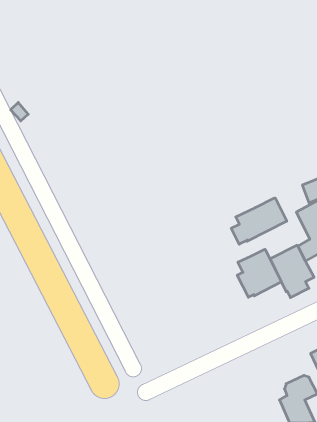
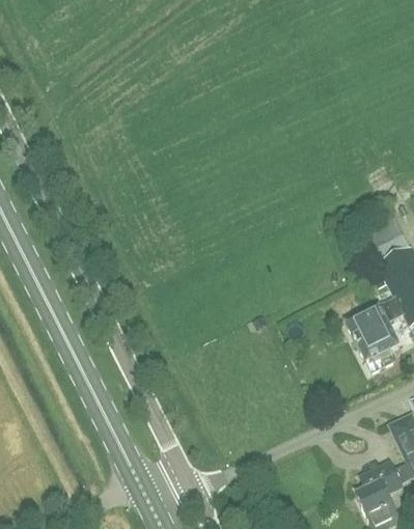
building: [231,198,287,244] -> none
building: [237,249,281,297] -> none

